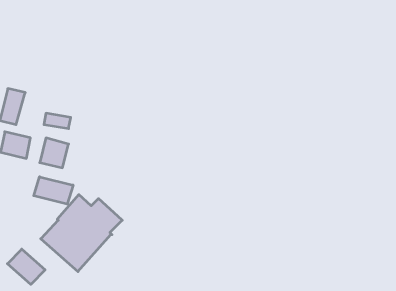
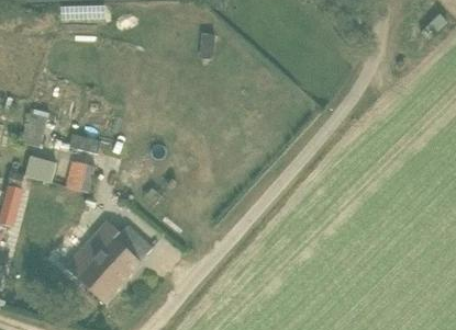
building: [34,177,73,204] -> none
building: [7,249,45,284] -> none

